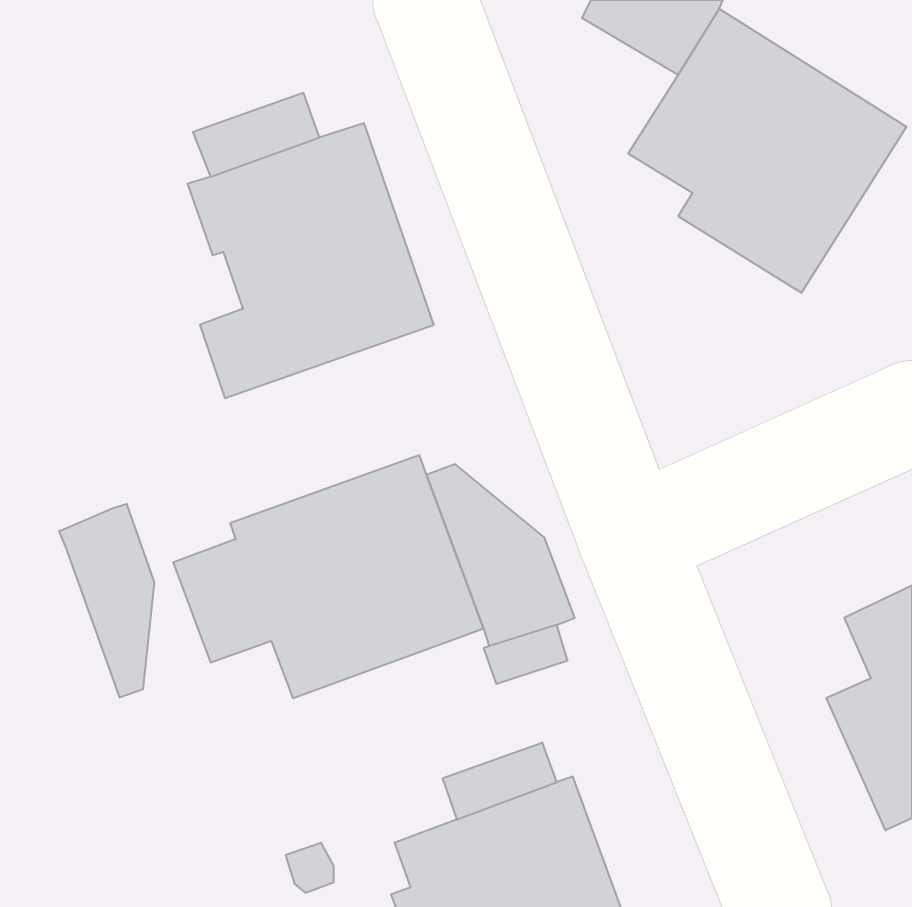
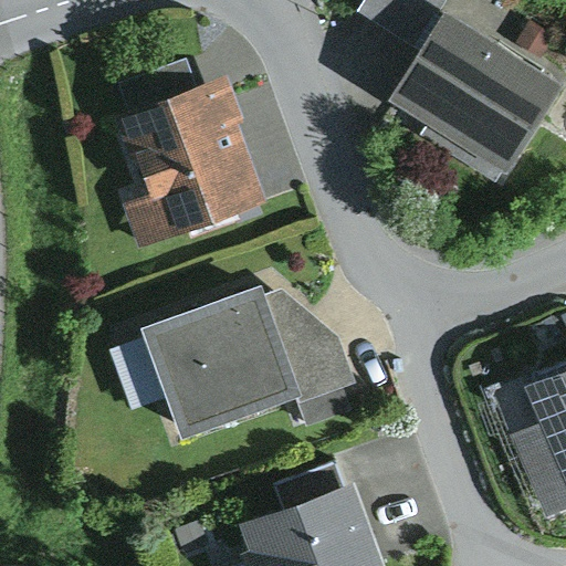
building: [59,504,154,698] -> none

